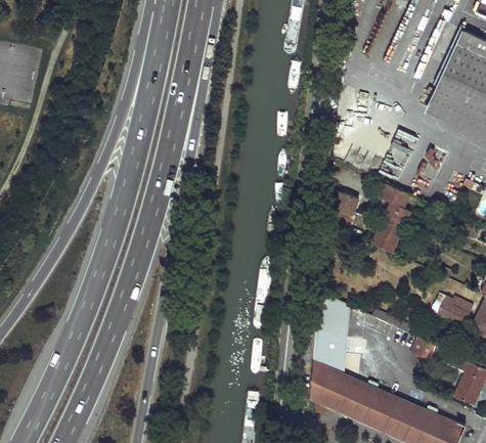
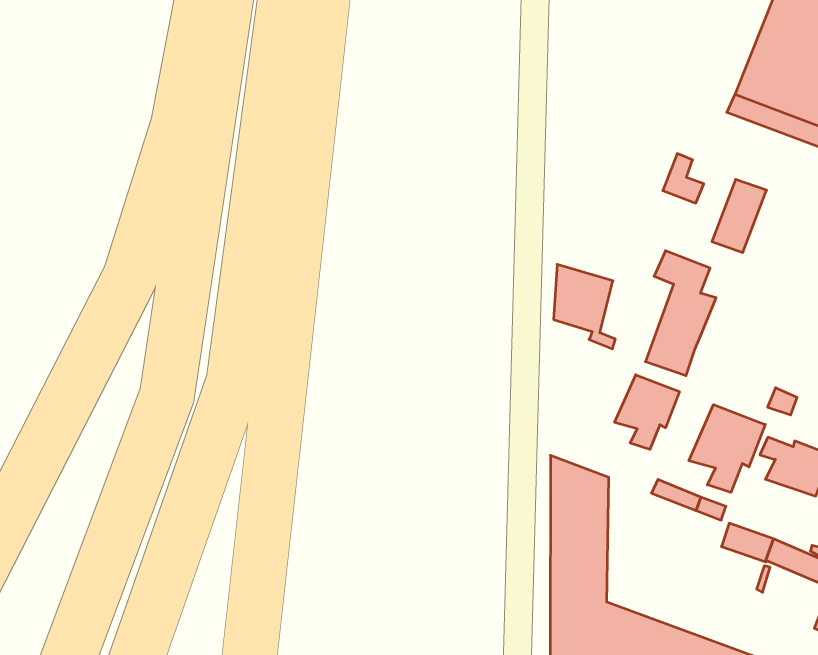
building: none -> [615,375,679,449]
building: none -> [689,405,765,492]

